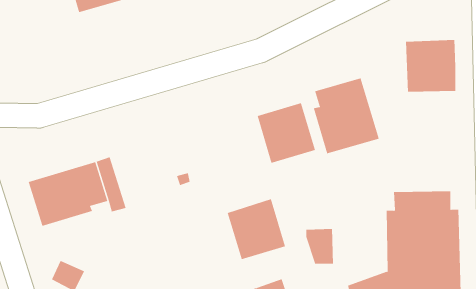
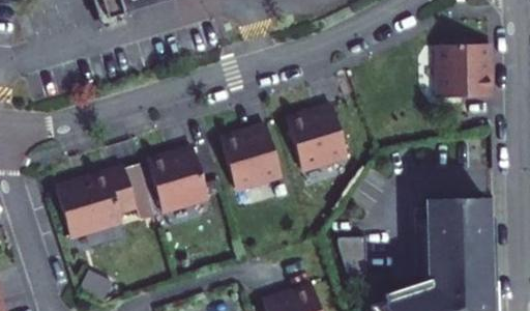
building: [313,77,379,154] -> none
building: none -> [148,150,208,213]
building: [227,199,286,260] -> [222,128,282,190]

